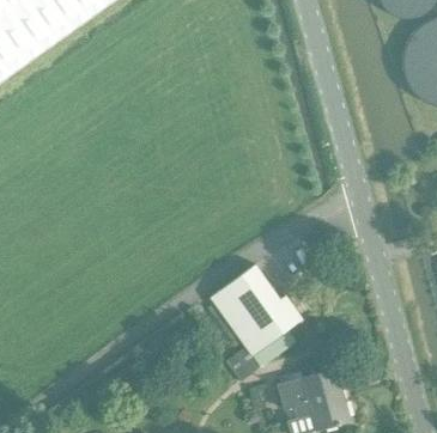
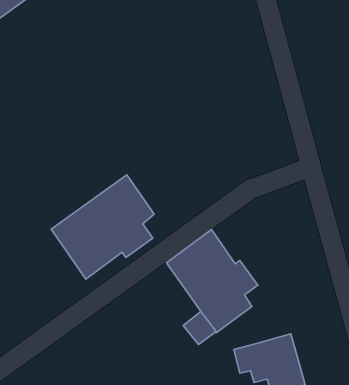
building: none -> [51,175,154,279]

